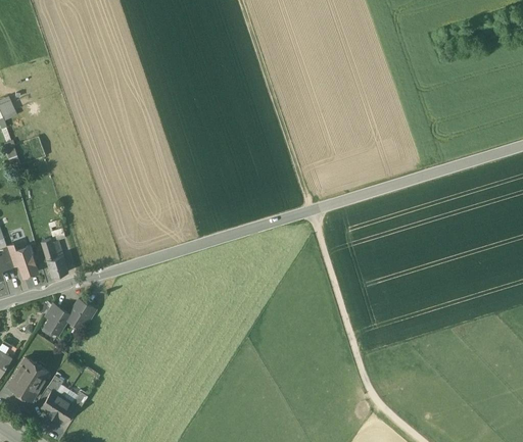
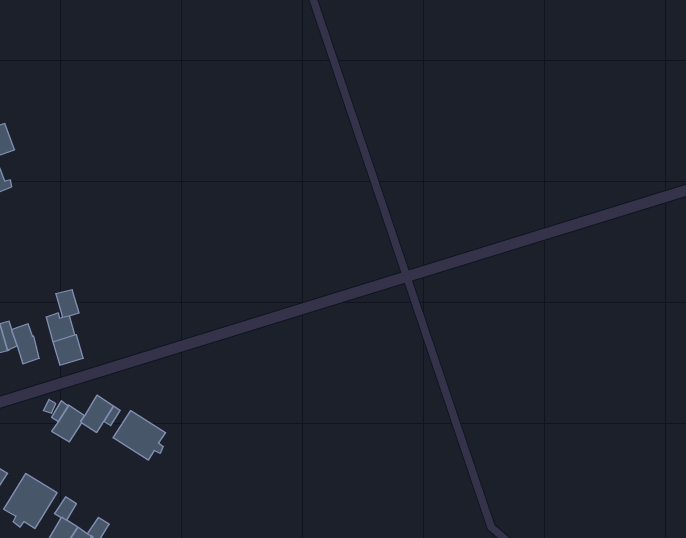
building: none -> [113,411,166,460]

